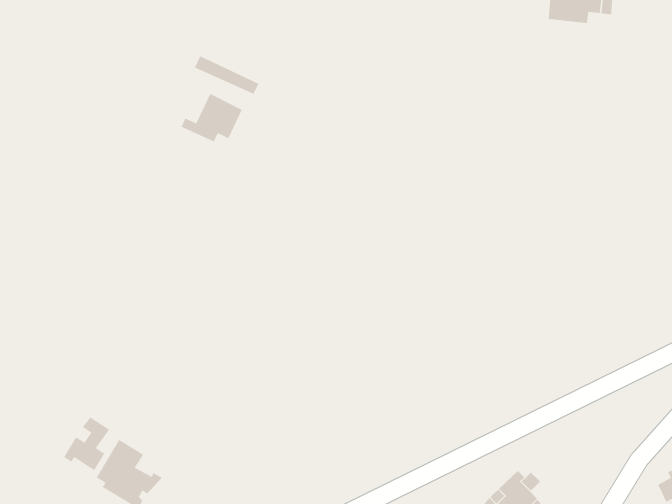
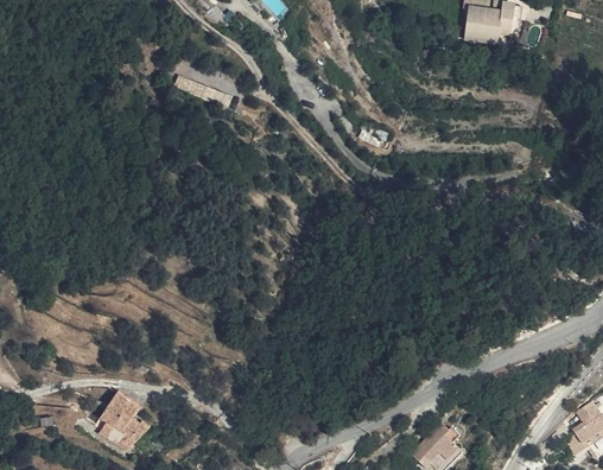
building: [181,93,243,143] -> none
building: [63,416,110,471] -> none

